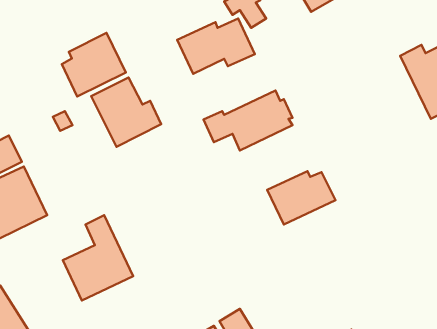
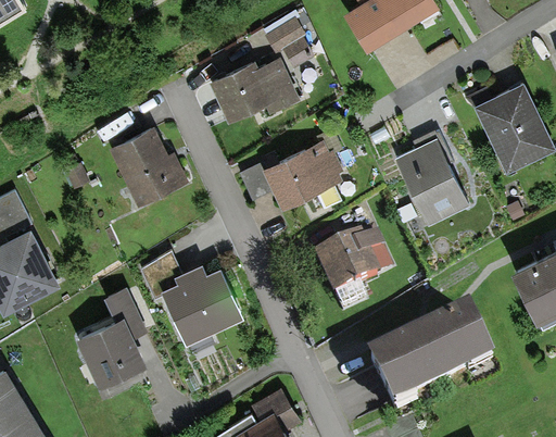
building: [62,33,126,97] -> none
building: none -> [395,140,469,227]
building: none -> [142,251,245,346]
building: none -> [368,307,495,410]

